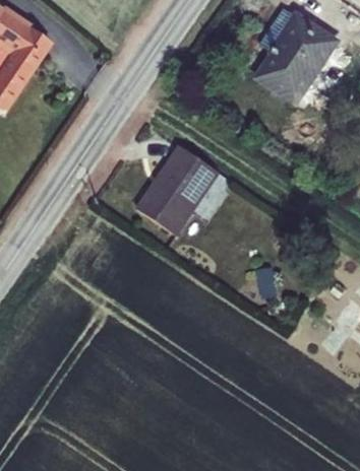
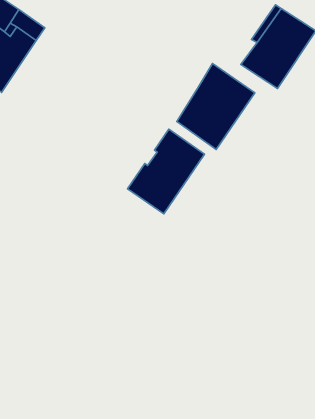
building: none -> [177,64,255,149]

